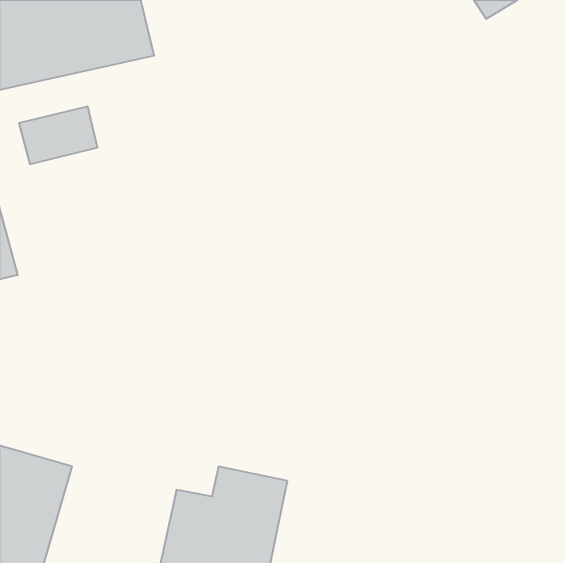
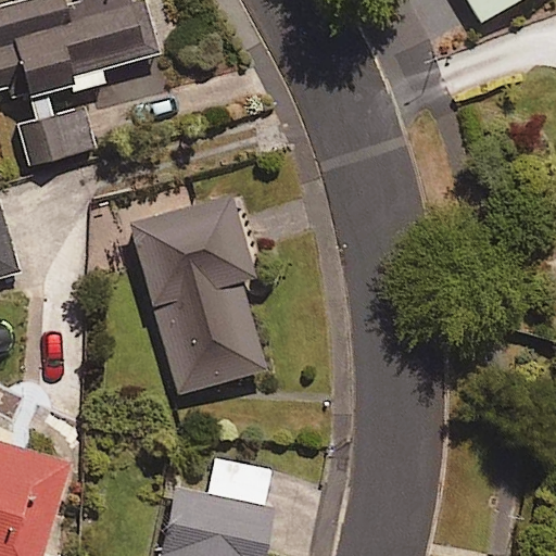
building: none -> [134,194,265,392]

